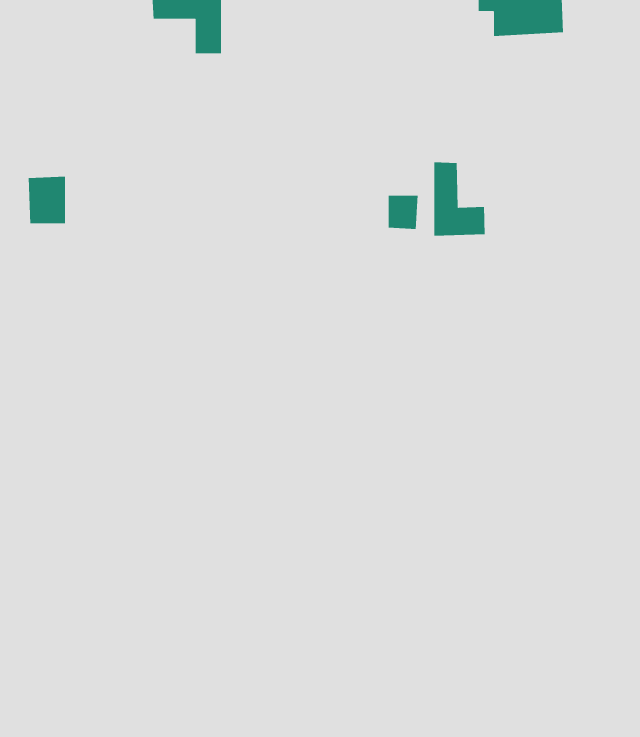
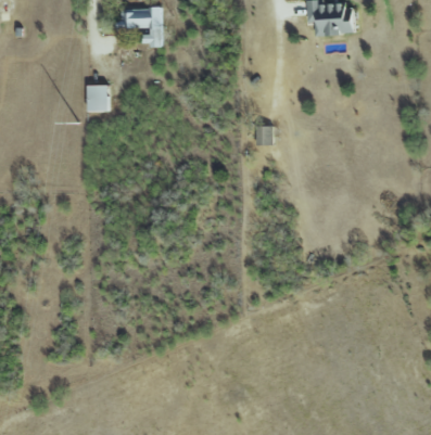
building: [434,161,485,237] -> none
building: [28,176,66,224] -> [87,85,109,112]

